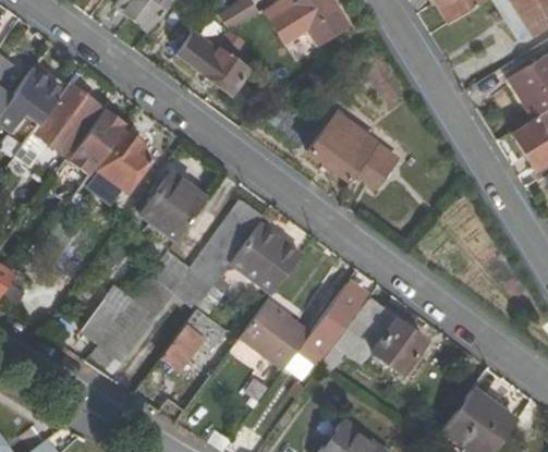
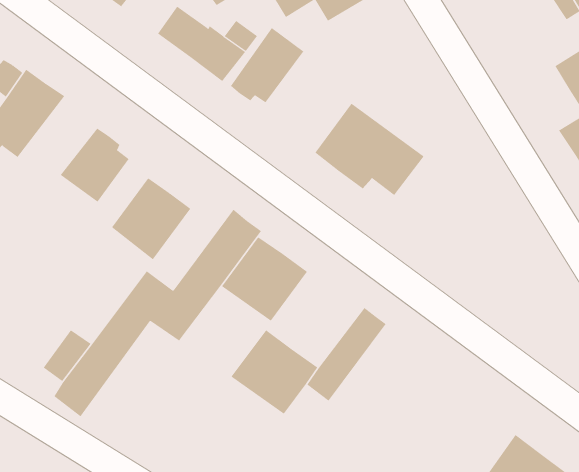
building: none -> [230,27,304,103]
building: [65,107,129,178] -> none
building: [354,298,429,377] -> none
building: [160,308,239,372] -> none

